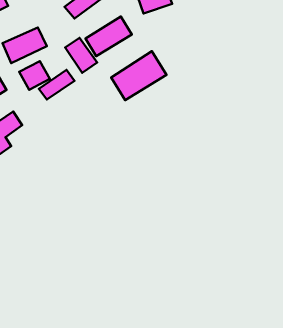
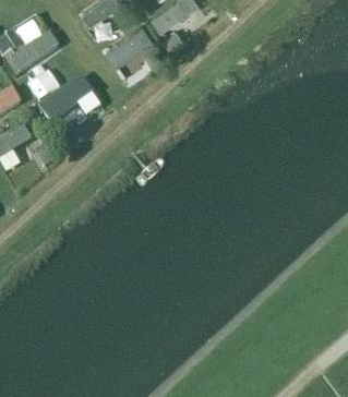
building: [65,38,97,73] -> none
building: [111,51,167,100] -> none

